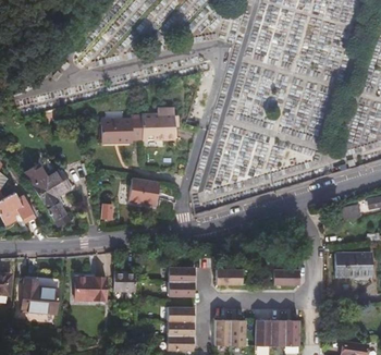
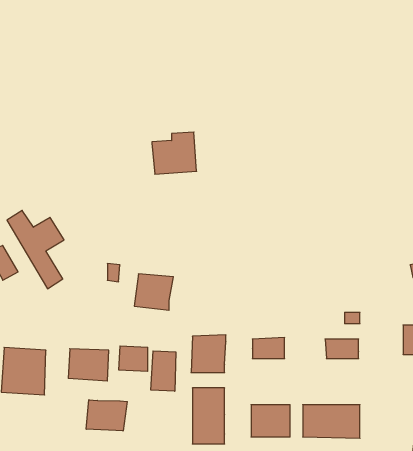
building: [100,113,143,144] -> none
building: [127,176,158,205] -> [134,274,173,310]
building: none -> [151,351,176,391]
building: none -> [86,400,127,431]

